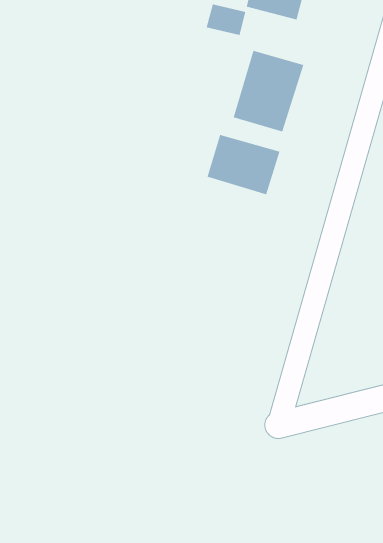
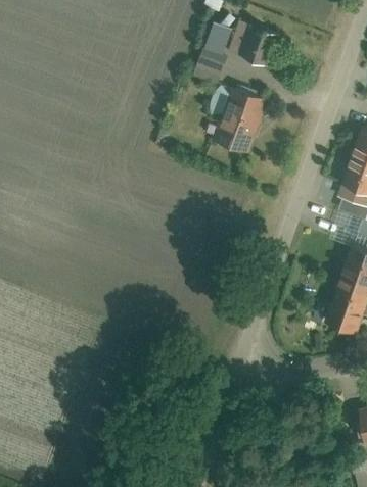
building: [207,134,280,195] -> none

